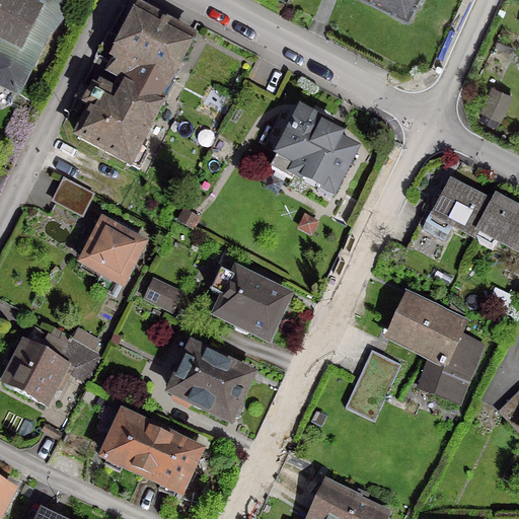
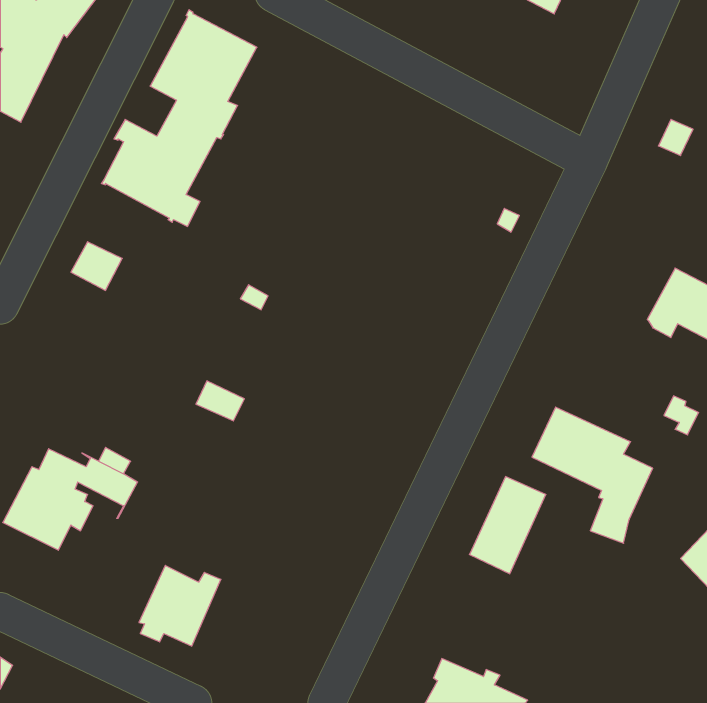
building: [271,109,355,191] -> none
building: [422,180,495,238] -> none
building: [86,219,143,280] -> none
building: [211,269,287,337] -> none
building: [171,346,249,417] -> none
building: [142,423,199,494] -> none

